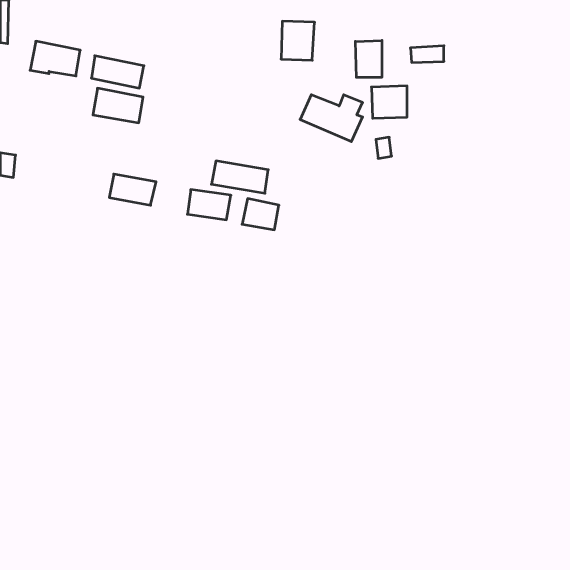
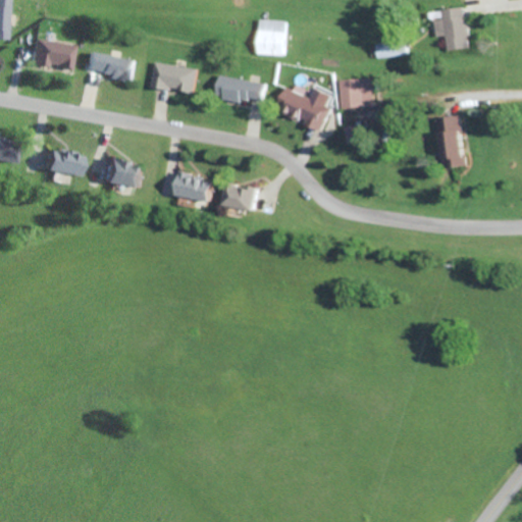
building: none -> [434,7,470,50]
building: [355,40,382,77] -> none
building: [93,88,143,123] -> [151,61,197,93]
building: none -> [438,115,466,168]
building: [211,161,268,193] -> [214,74,266,104]
building: none -> [41,151,81,173]

